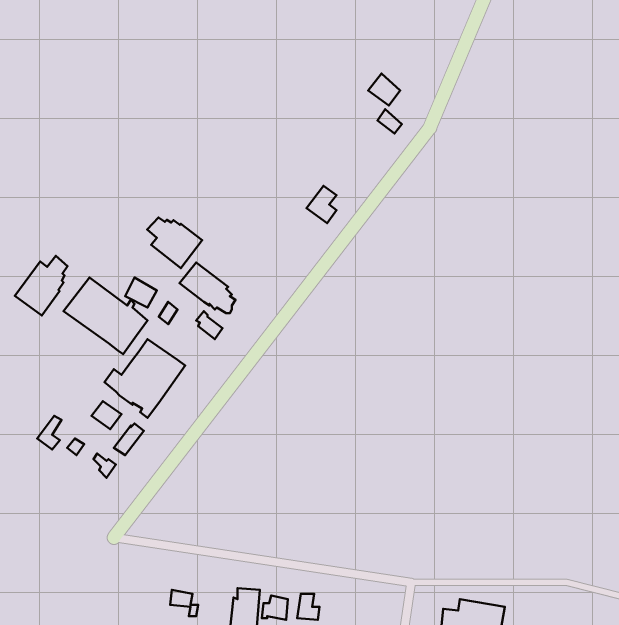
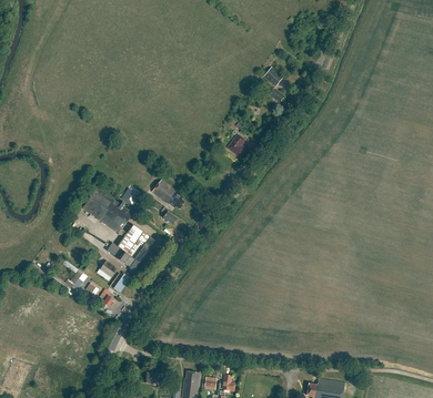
building: [147,217,202,268] -> none
building: [15,256,68,316] -> none

